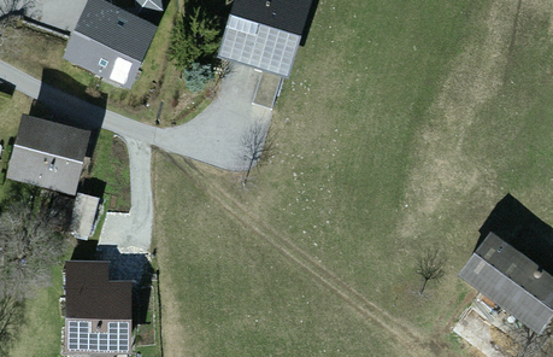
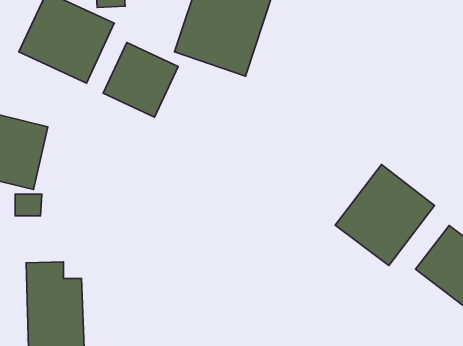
building: none -> [103,42,178,117]
building: none -> [335,164,434,265]

